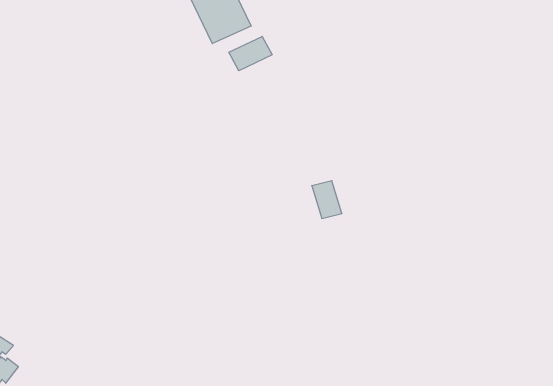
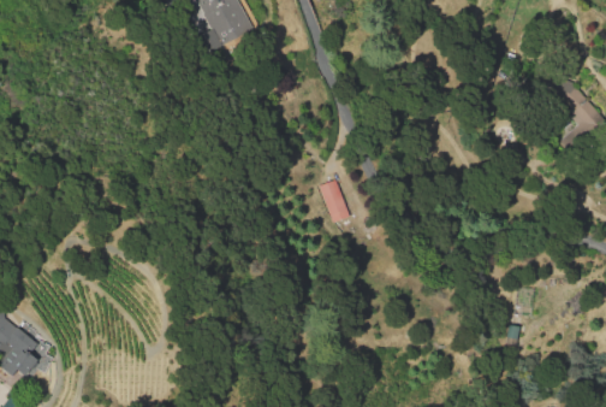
building: [229,36,272,71] -> none

